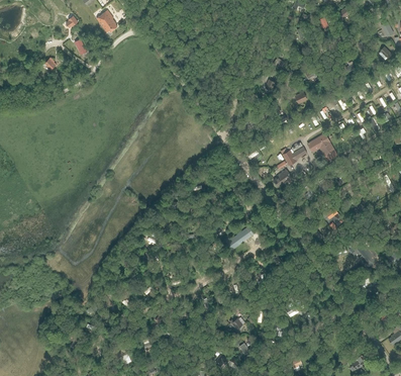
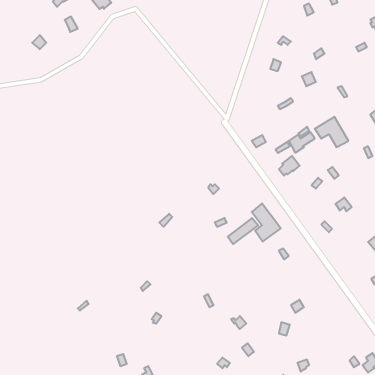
building: none -> [252,203,281,242]

